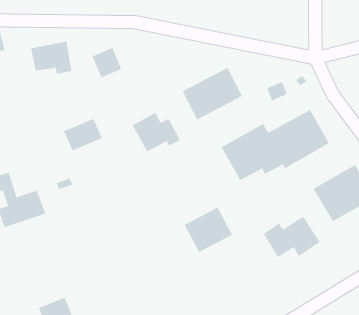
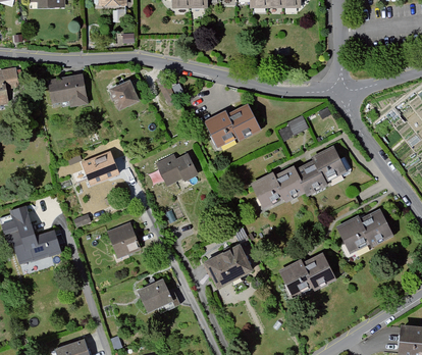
building: none -> [104,219,140,258]
building: none -> [139,278,177,315]

